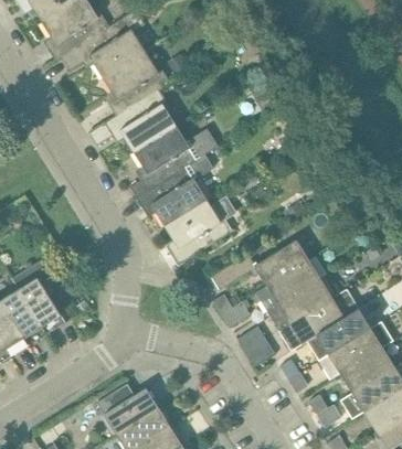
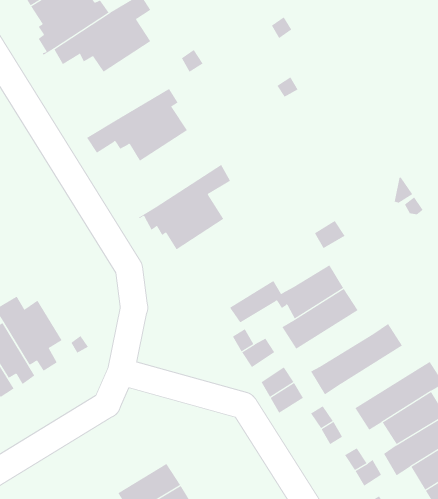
building: [104,51,173,116] -> none
building: [130,126,219,197] -> none
building: [166,201,236,266] -> none
building: [267,278,332,330] -> none
building: [305,308,370,361] -> none
building: [97,383,160,432] -> none

